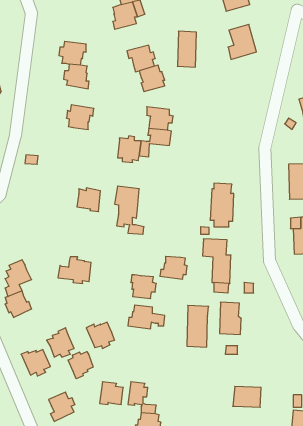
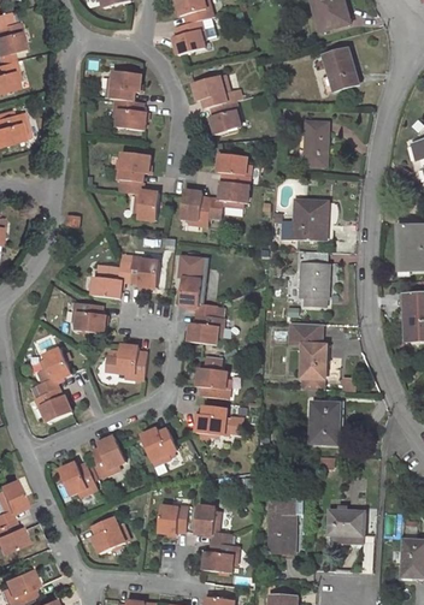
building: [177,31,196,67] -> [304,121,328,167]
building: none -> [122,180,159,220]
building: none -> [281,200,328,241]
building: none -> [92,263,131,298]
building: none -> [72,302,104,333]
building: [160,256,187,279] -> [187,315,222,344]
building: [187,305,209,347] -> [269,500,296,553]
building: [68,352,93,379] -> none

